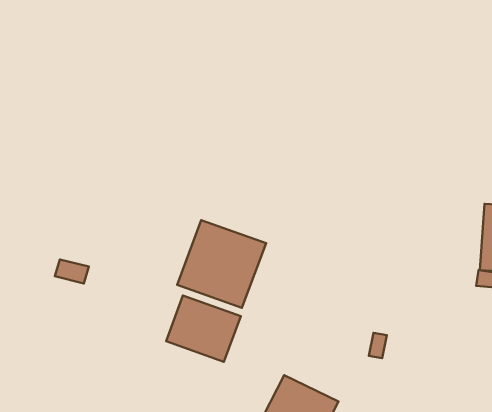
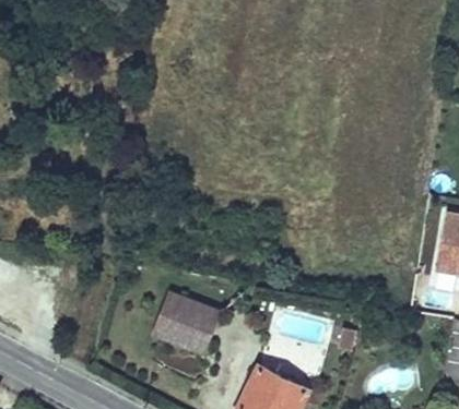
building: [177,220,266,308] -> none

